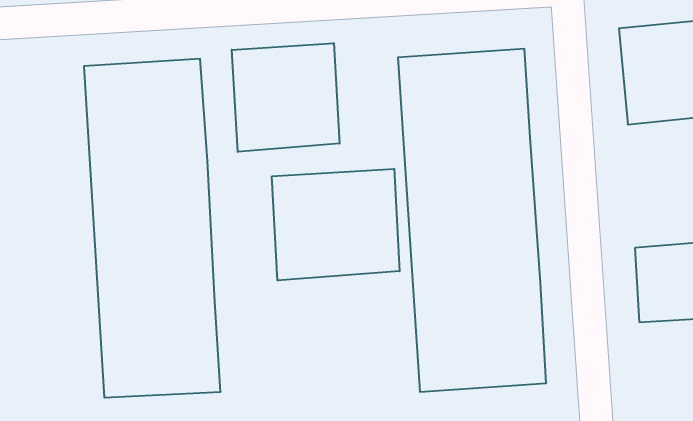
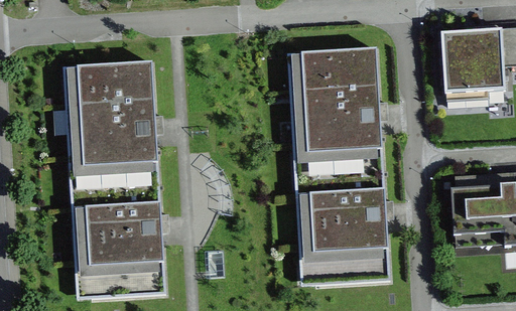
building: [232,43,340,152] -> none
building: [272,169,400,281] -> none

